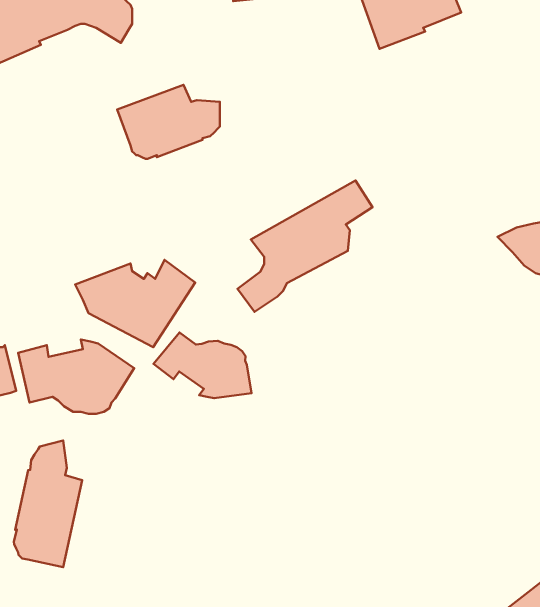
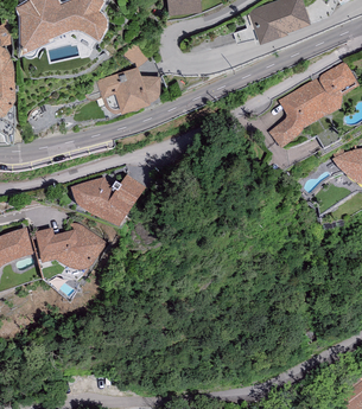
building: [237,181,373,312] -> [271,64,355,146]
building: [153,332,252,398] -> none
building: [14,440,82,567] -> none

